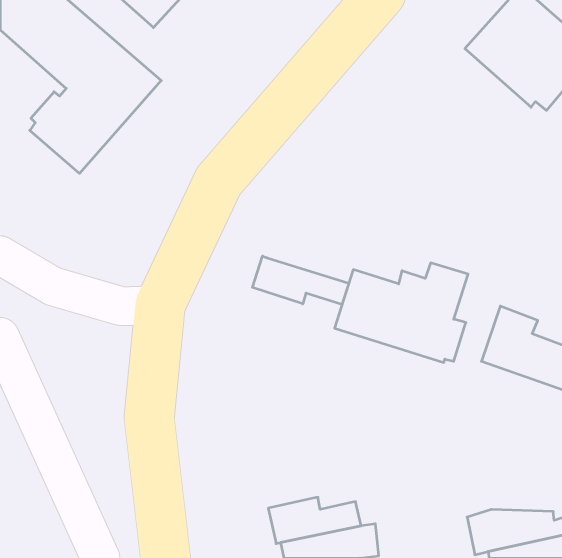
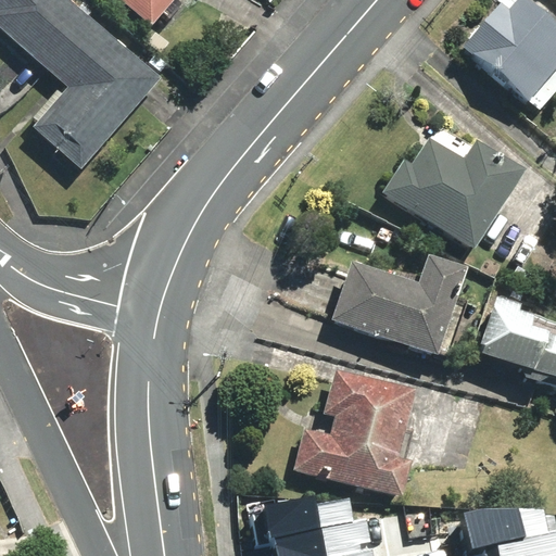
building: none -> [382,126,525,253]
building: [252,256,349,305] -> none
building: none -> [299,362,417,489]

